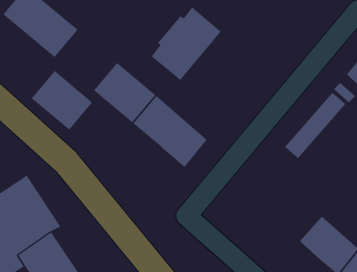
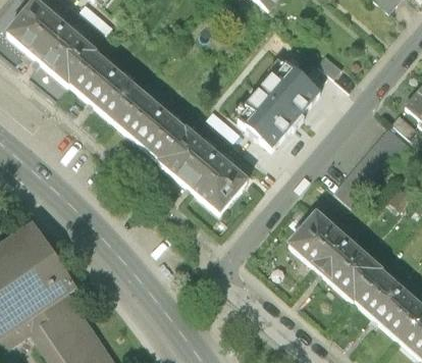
building: [151,6,221,81] -> [238,60,320,147]
building: [31,70,93,130] -> [67,50,140,120]
building: none -> [289,212,379,297]

